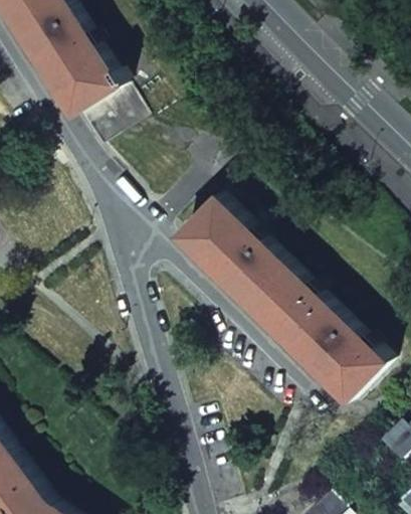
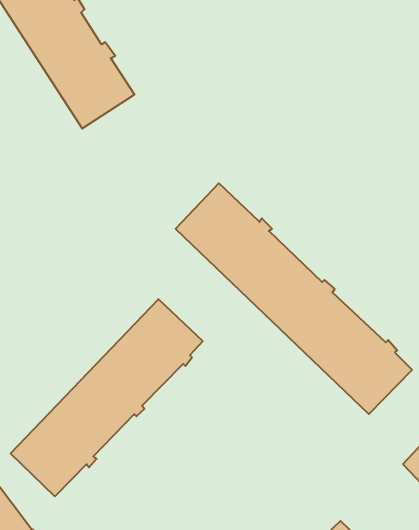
building: none -> [11,299,203,496]

